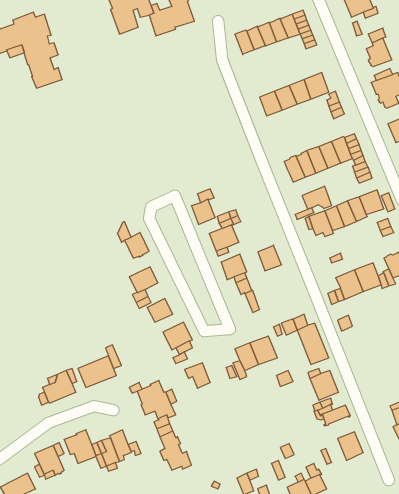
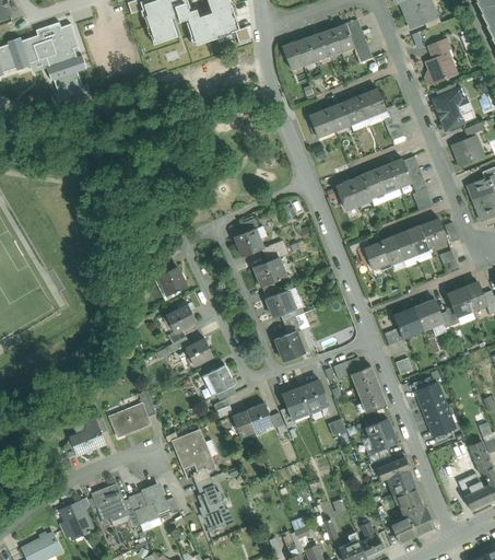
building: [302,186,332,209] -> none
building: [258,245,282,271] -> [275,331,302,360]
building: none -> [416,382,455,435]
building: none -> [246,402,273,431]
building: none -> [386,468,414,494]
building: none -> [391,508,435,541]

